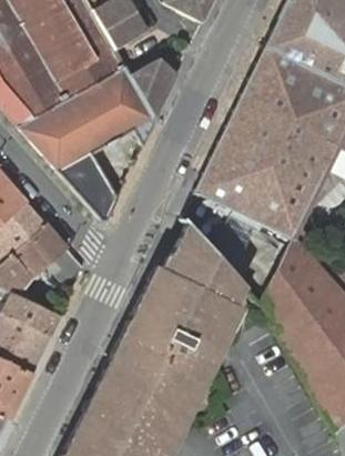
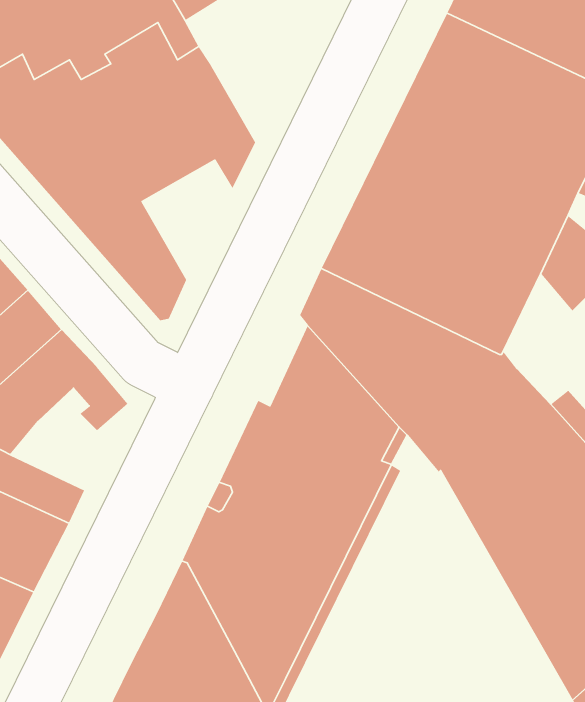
building: [131,58,179,119] -> none

